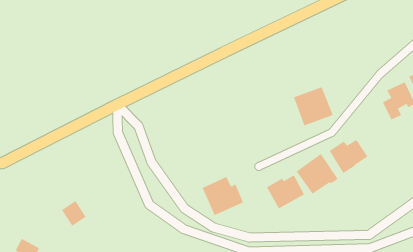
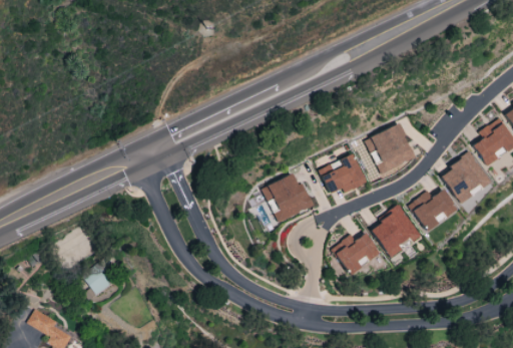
building: none -> [439,152,491,205]
building: none -> [319,153,366,194]
building: [202,176,244,216] -> [263,173,314,222]

